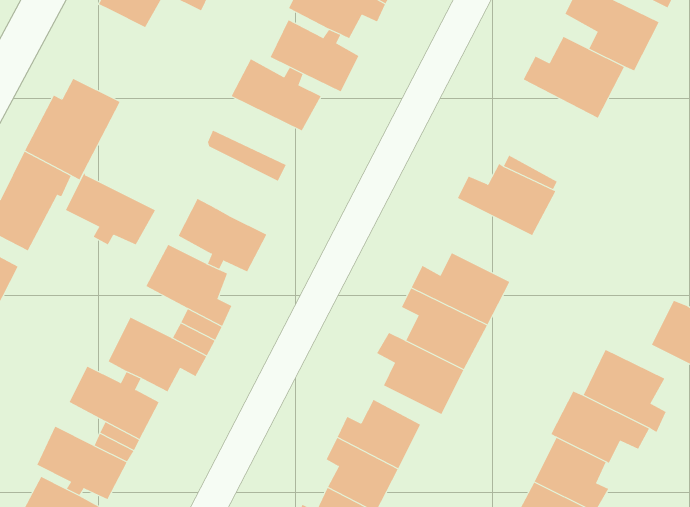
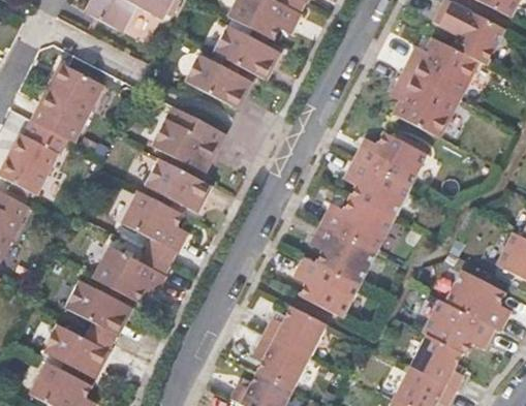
building: none -> [393,69,457,136]
building: [65,171,156,245] -> [153,116,220,170]
building: none -> [346,157,408,219]

